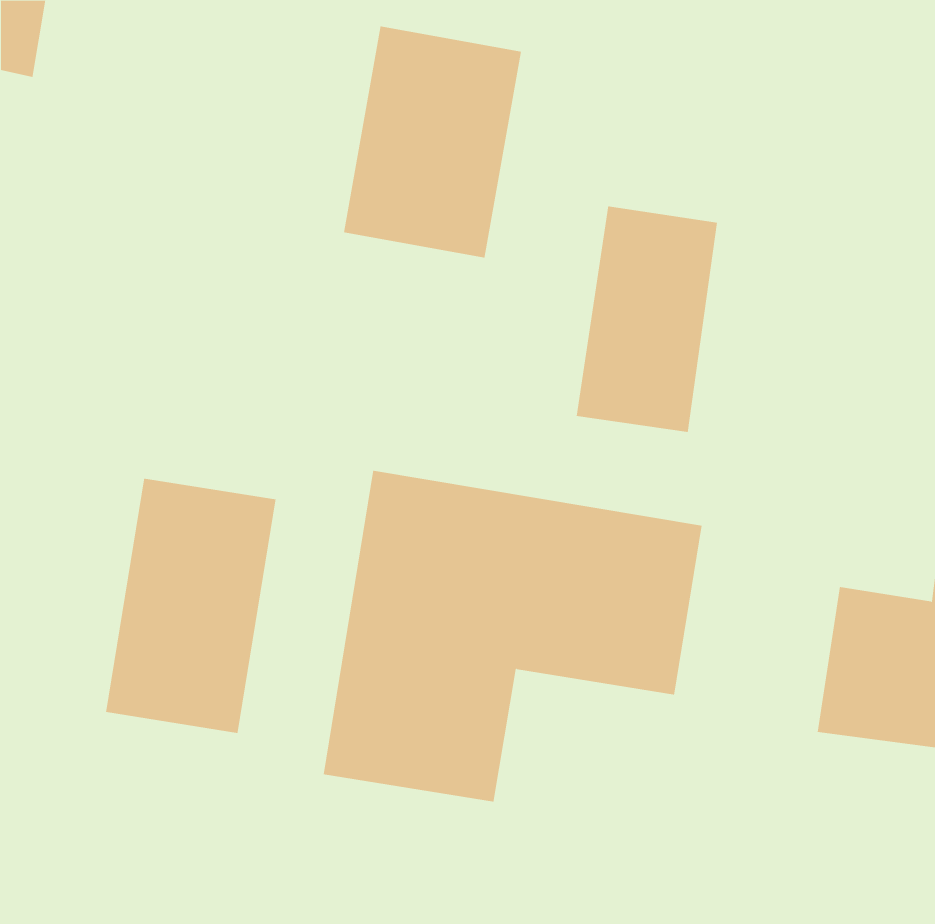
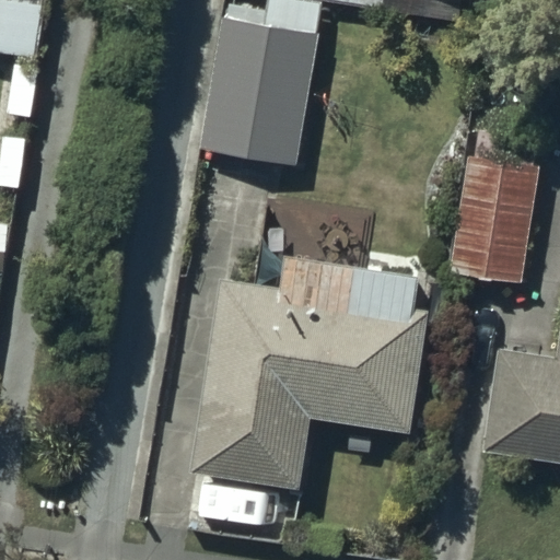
building: [576,206,718,433] -> [453,148,537,282]
building: [106,478,276,734] -> none

